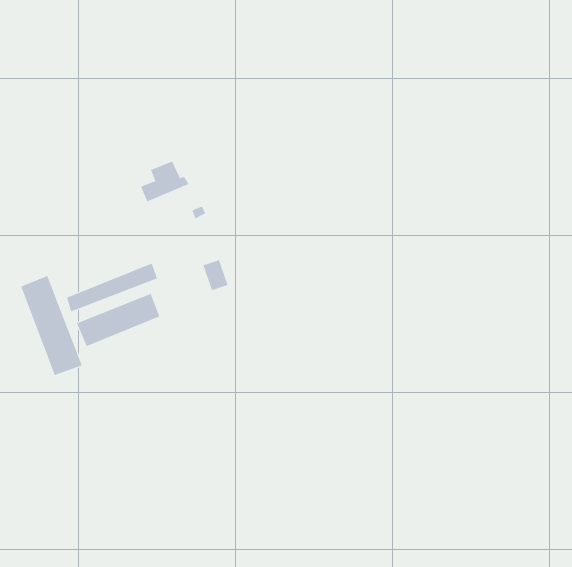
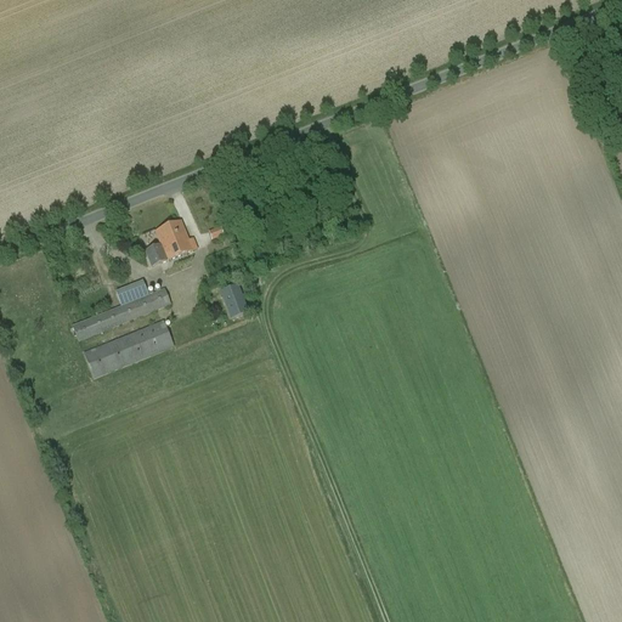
building: [140,161,189,202] -> [145,220,198,265]
building: [21,275,83,376] -> none

